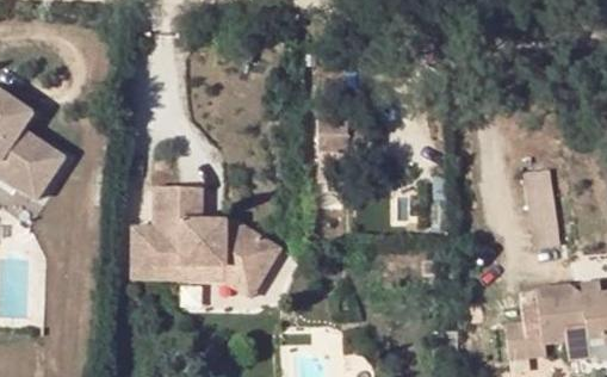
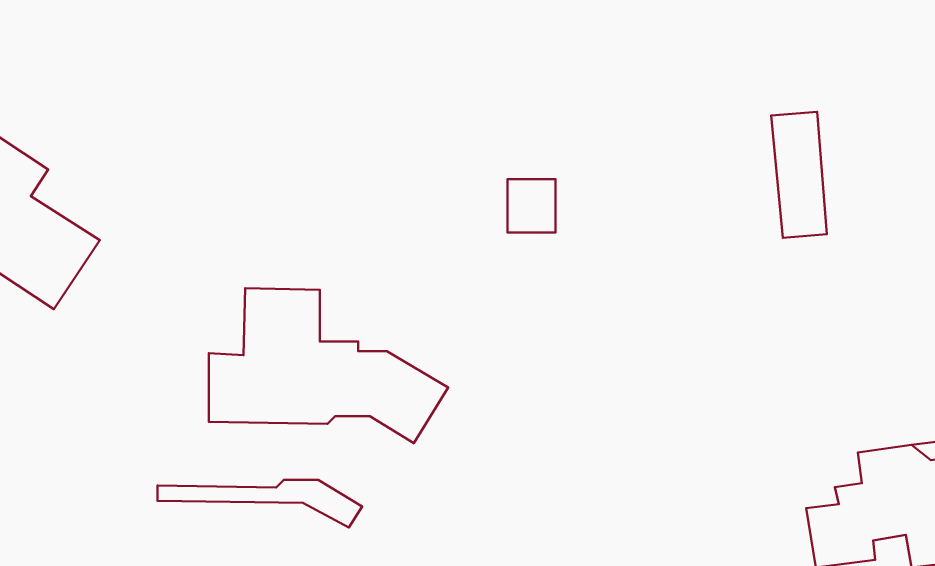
building: [528,167,563,246] -> [771,112,827,238]
building: [131,266,259,296] -> [157,480,362,528]

